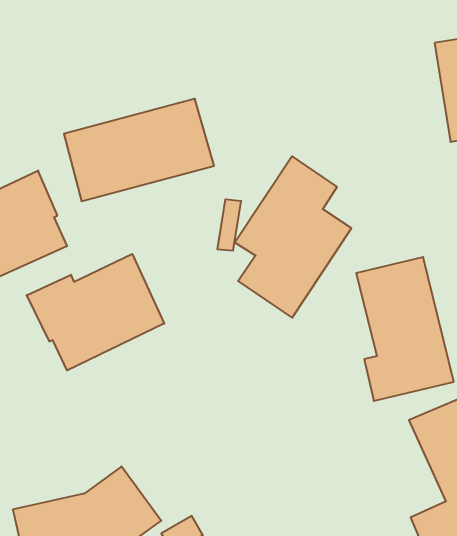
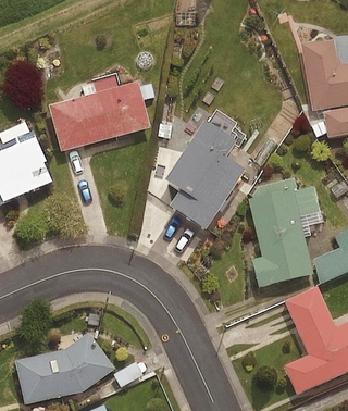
building: [27,254,164,370] -> none

